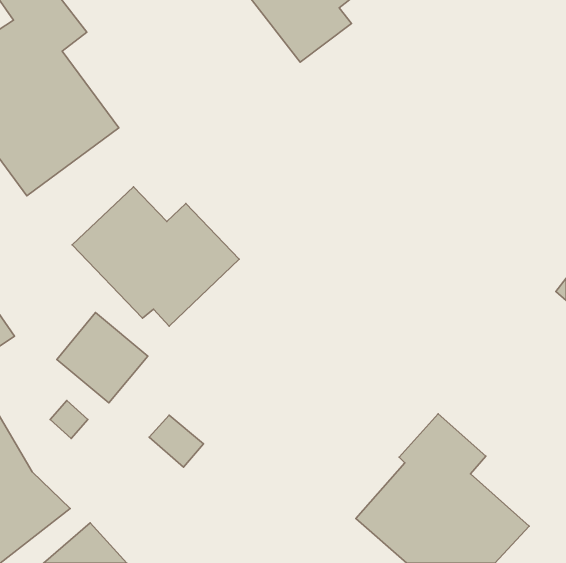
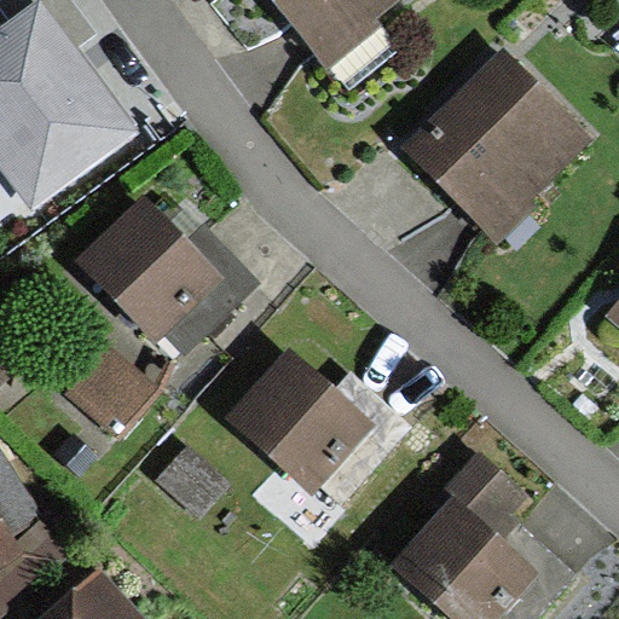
building: none -> [404,53,580,239]
building: none -> [224,351,409,504]

